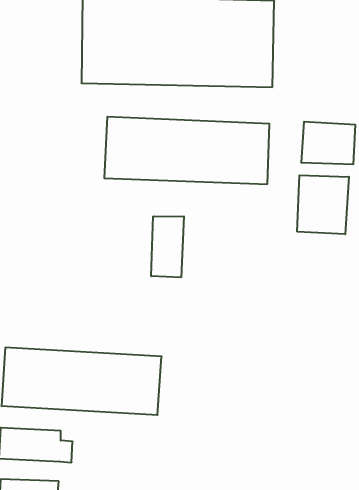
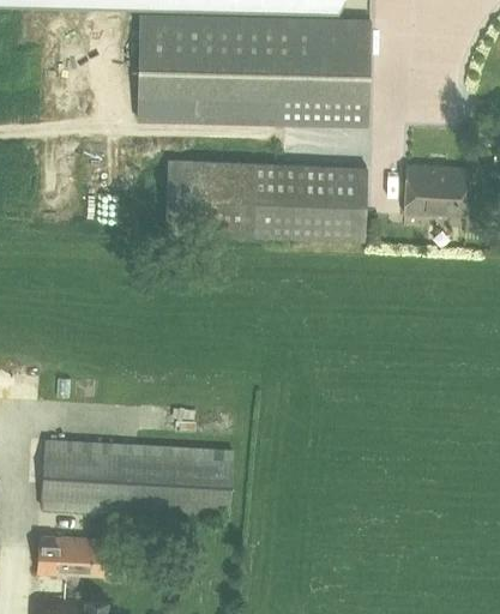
building: [297,175,349,234] -> none
building: [151,216,184,277] -> none

